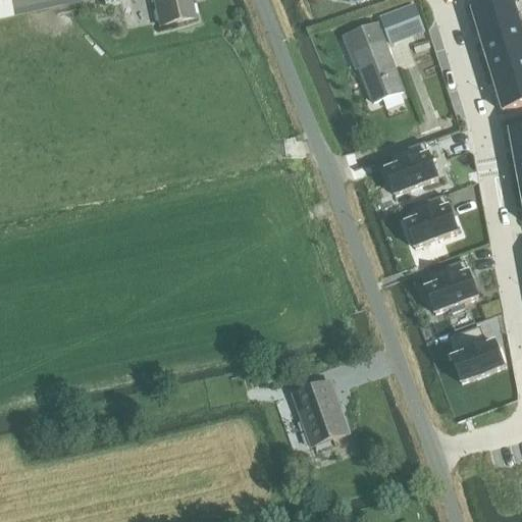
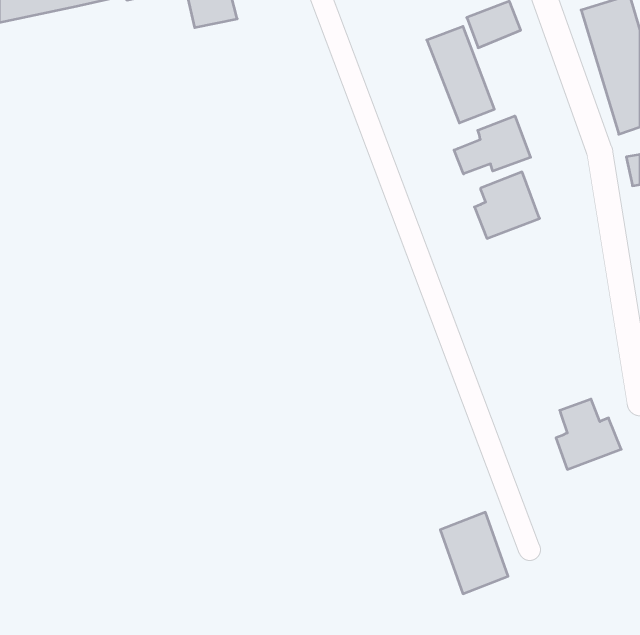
building: none -> [454,116,531,174]
building: [405,193,458,247] -> none
building: [425,258,479,312] -> none
building: [293,378,348,445] -> [440,512,508,594]

